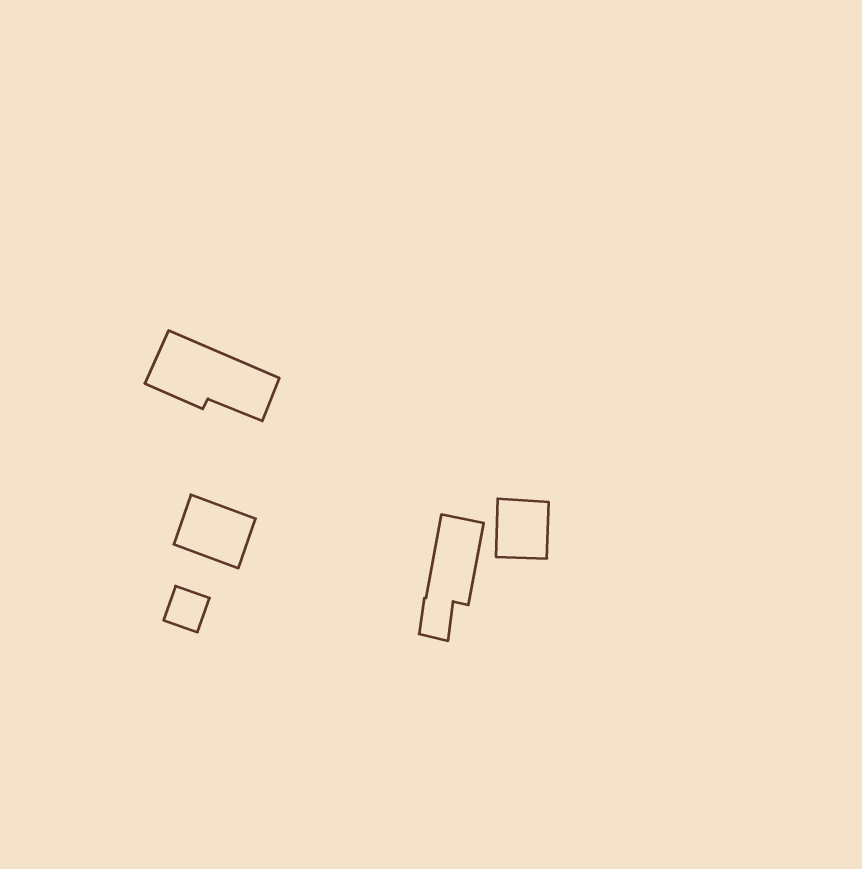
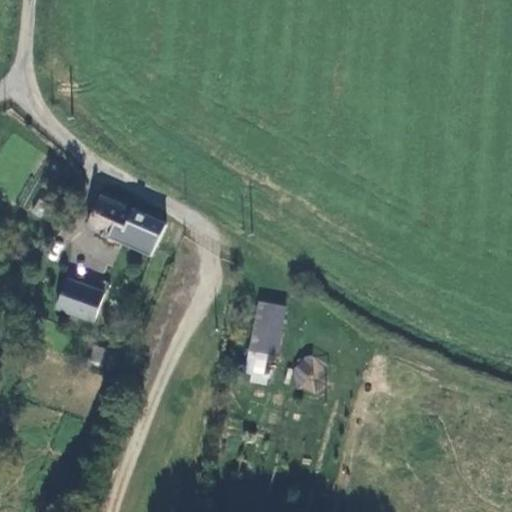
building: [174,495,256,568] -> [57,277,105,320]
building: [496,499,549,558] -> [289,355,320,390]

